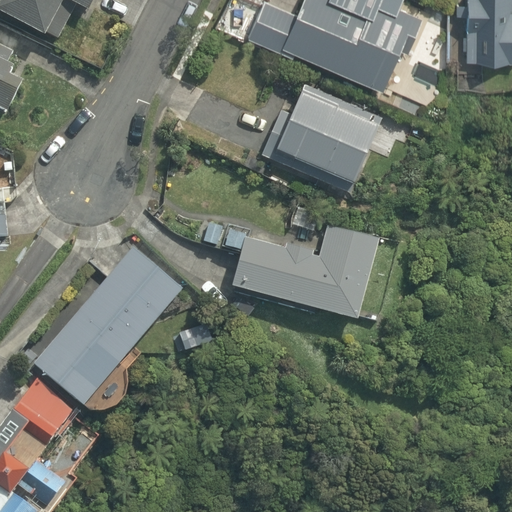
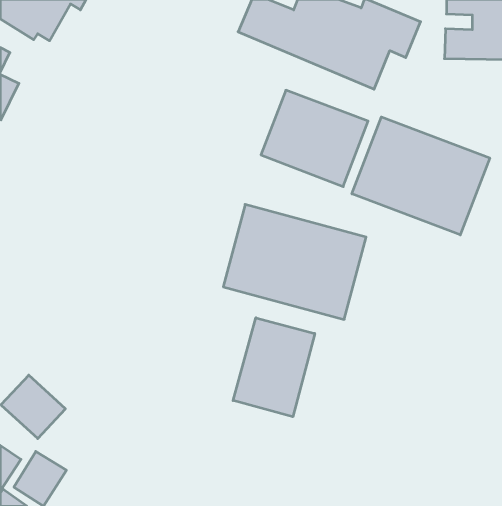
building: none -> [352,117,490,235]
building: [30,236,189,409] -> none
building: none -> [233,318,315,417]

